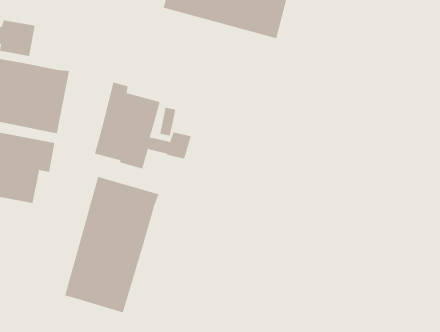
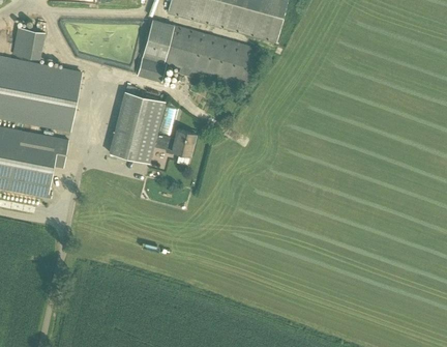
building: none -> [138,19,258,86]
building: [64,176,159,313] -> none

